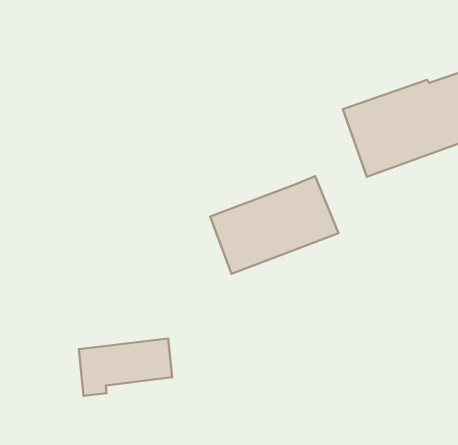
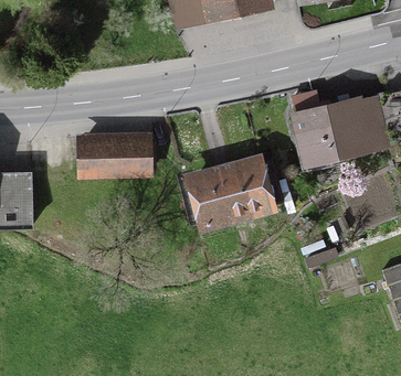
building: [79,338,172,396] -> [82,142,146,176]

